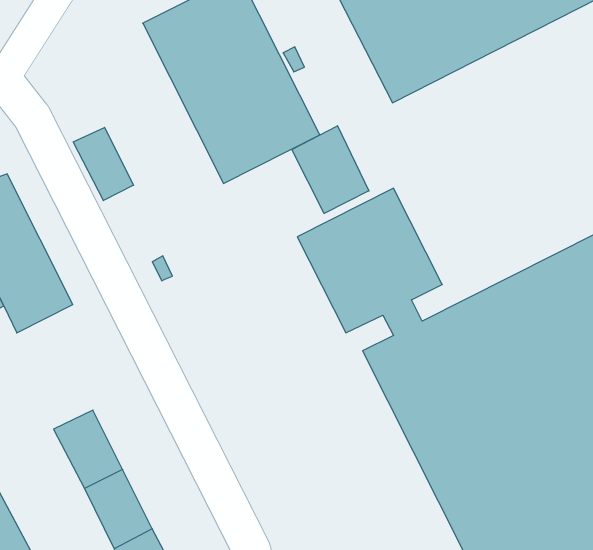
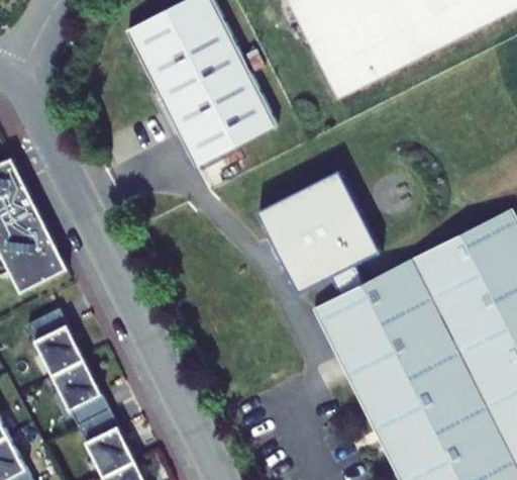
building: [292,126,369,213] -> none
building: [73,127,134,201] -> none
building: none -> [25,308,84,375]

